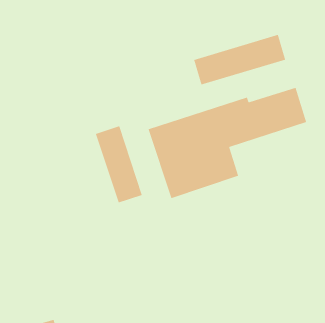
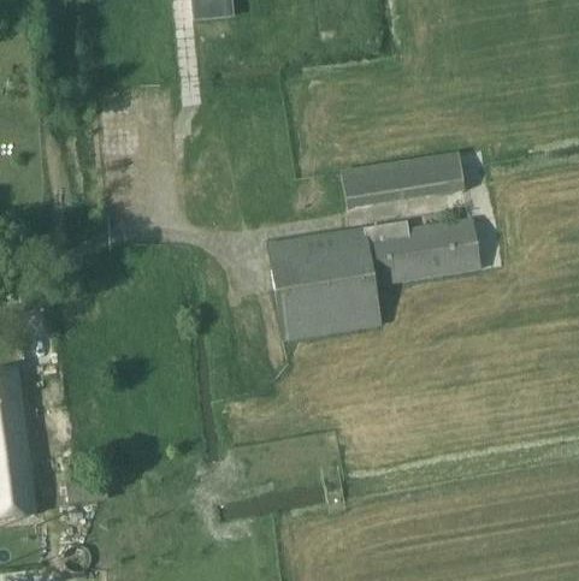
building: [95,125,143,204] -> none

